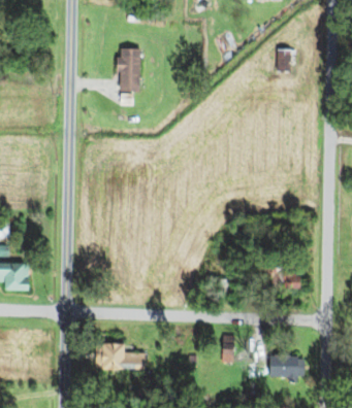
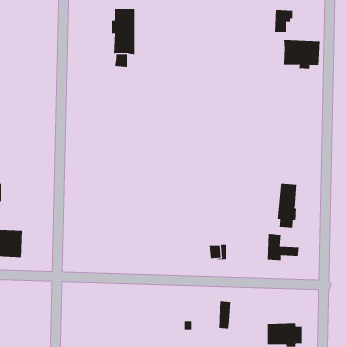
building: none -> [283,39,320,69]
building: none -> [277,183,297,229]
building: [101,344,145,370] -> none

